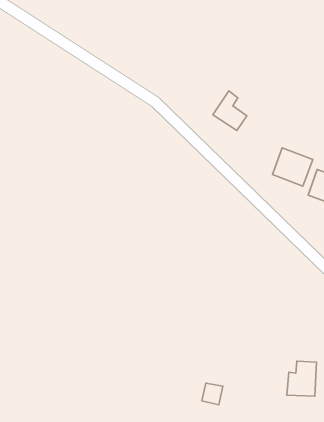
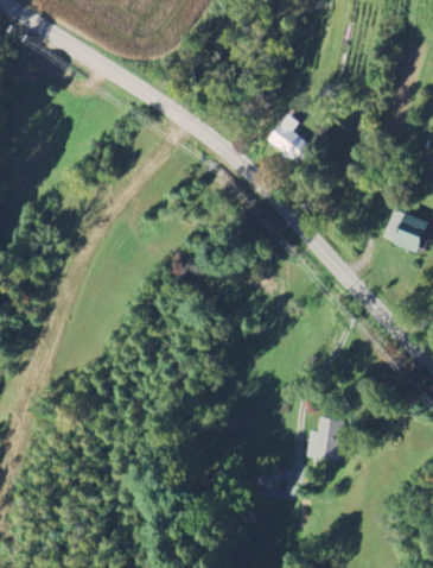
building: [272,148,313,186] -> none
building: [287,361,317,396] -> [306,417,342,459]

